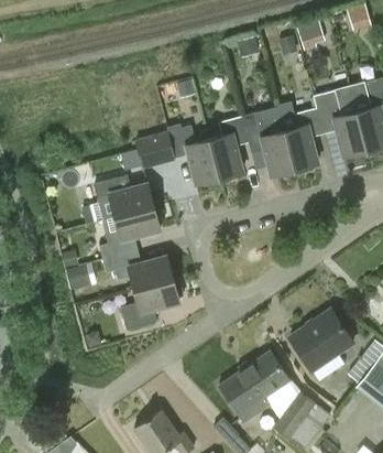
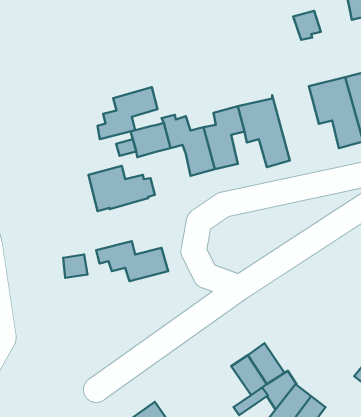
building: [276,101,322,175] -> none
building: [99,207,158,259] -> [98,87,157,139]
building: [120,279,184,331] -> none
building: [289,310,353,370] -> none
building: [218,375,255,416] -> none

